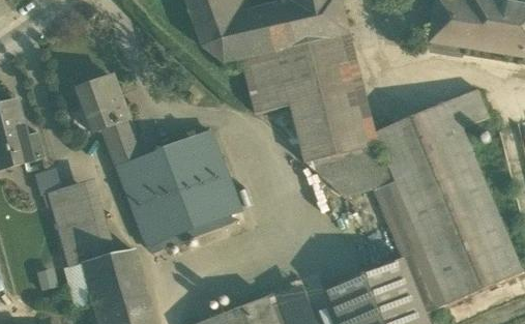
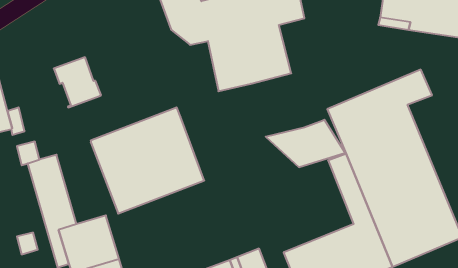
building: [291,35,370,163] -> none
building: [100,118,140,169] -> none

